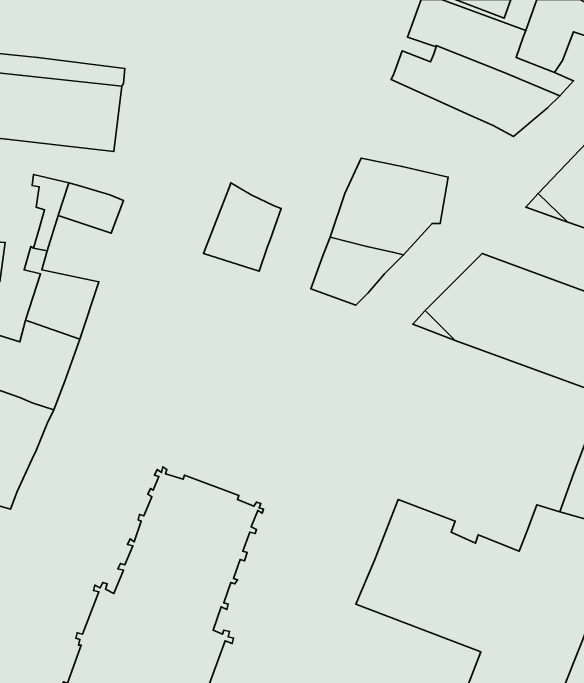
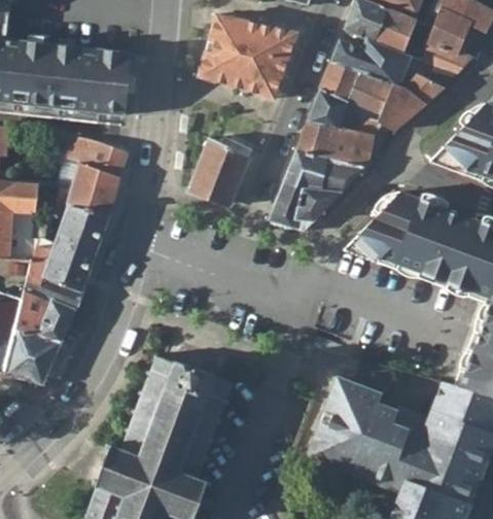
building: none -> [197,13,300,97]
building: none -> [309,61,424,135]
building: none -> [67,164,121,214]

